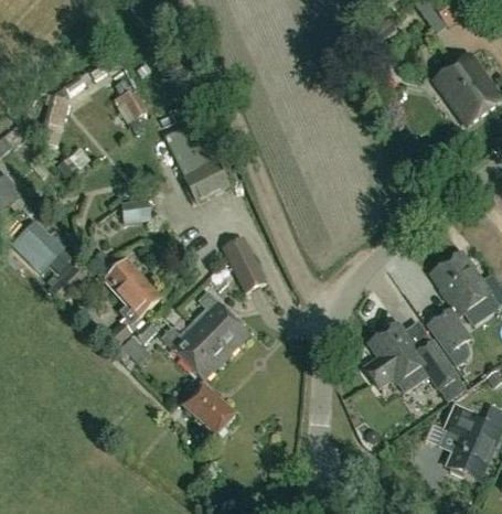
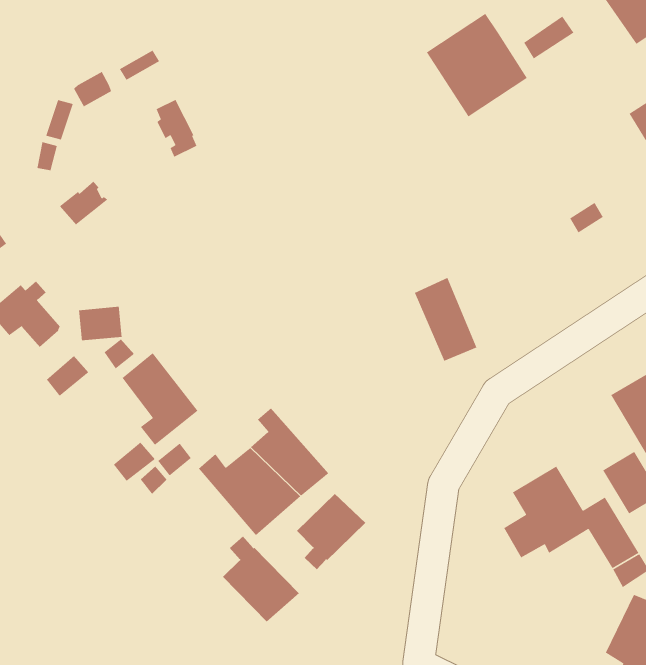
building: none -> [426,13,528,117]
building: [174,121,229,204] -> none
building: [119,197,150,223] -> [78,306,122,341]
building: [221,235,266,292] -> [414,277,478,362]
building: none -> [296,493,366,570]

